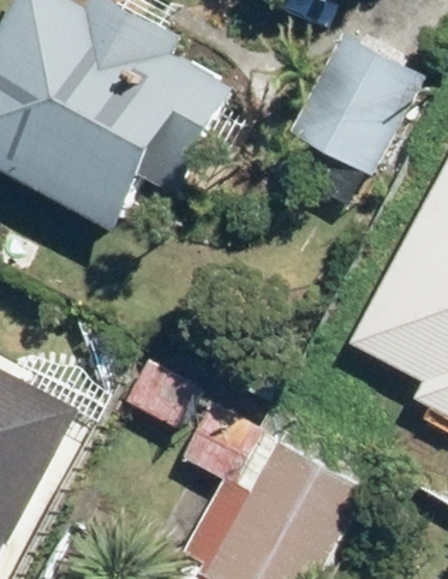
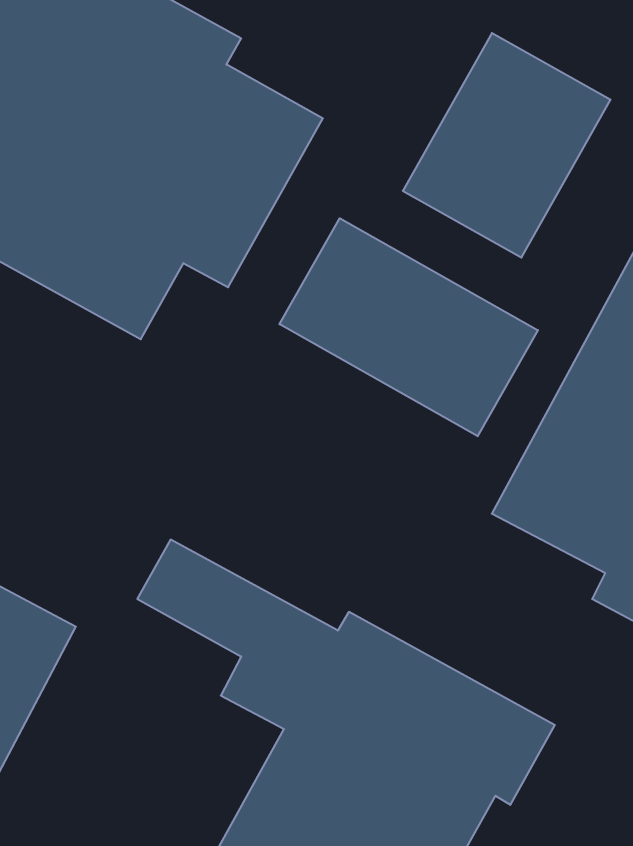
building: none -> [279,218,538,436]

